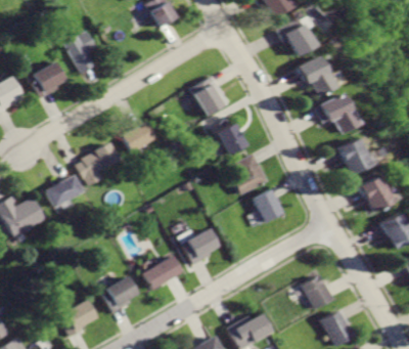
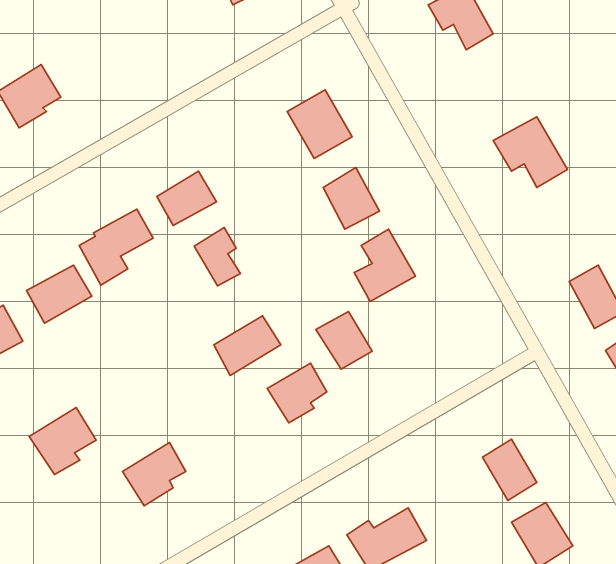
building: [70,30,102,72] -> none
building: [296,55,332,94] -> none
building: [334,139,367,175] -> none
building: none -> [194,227,240,286]
building: [256,189,287,222] -> [316,311,372,369]
building: [145,255,183,289] -> [214,316,281,376]
building: [60,299,98,337] -> [29,408,96,475]

